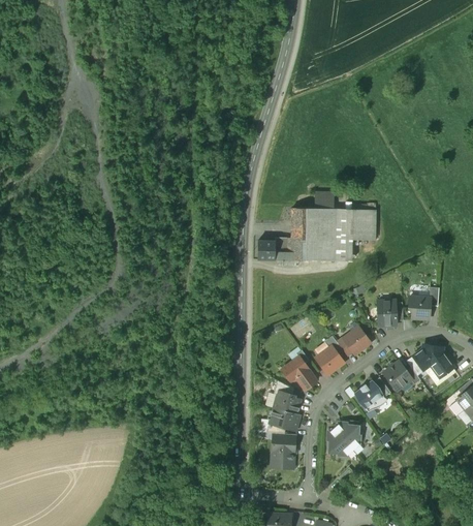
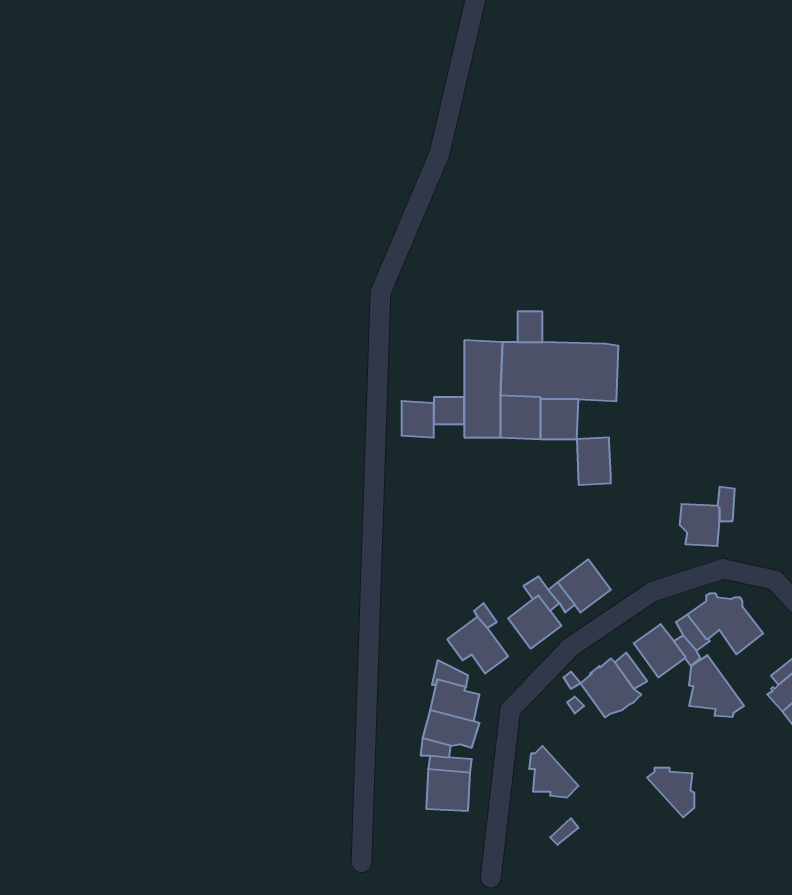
building: [377,301,396,327] -> [577,437,611,485]
building: none -> [689,655,744,717]
building: [334,423,359,450] -> [647,768,694,817]

